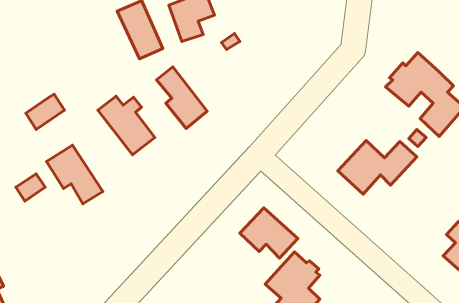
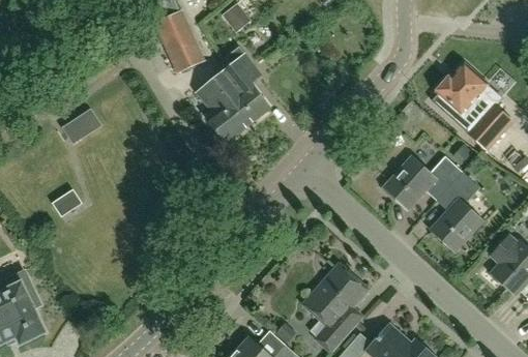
building: [98,96,155,155] -> [213,64,271,124]
building: [46,145,103,204] -> none
building: none -> [429,171,483,251]
building: [240,208,298,258] -> none

